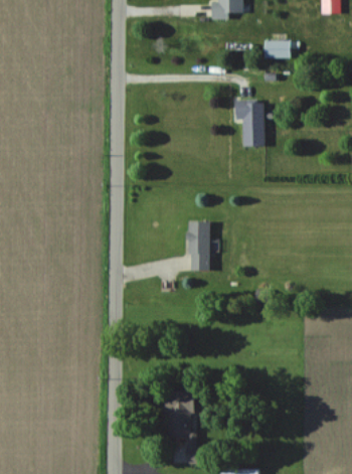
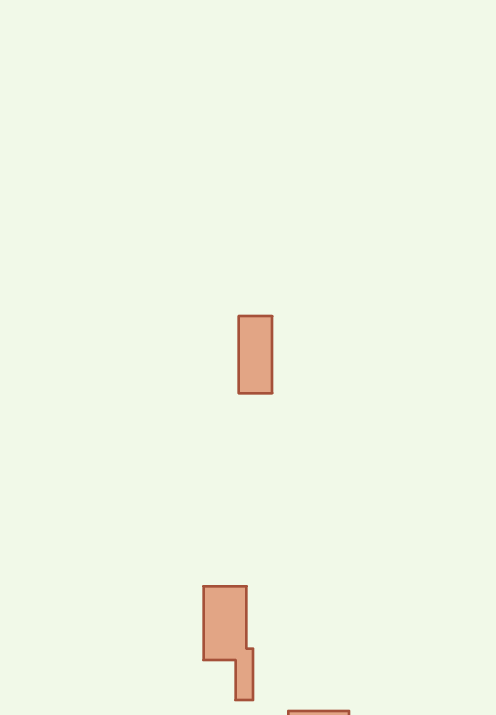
building: [265,40,290,58] -> none
building: [234,100,265,147] -> none

